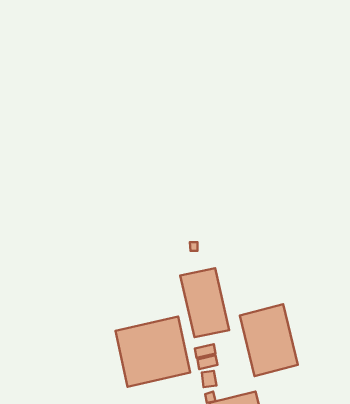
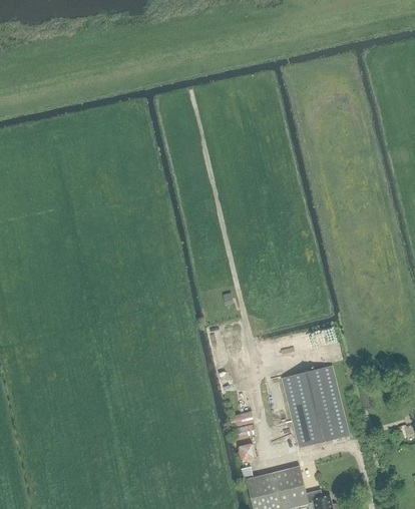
building: [180,268,229,337] -> none
building: [115,317,190,387] -> none

